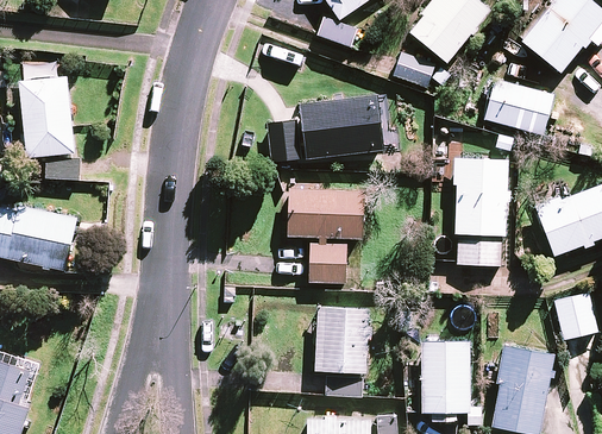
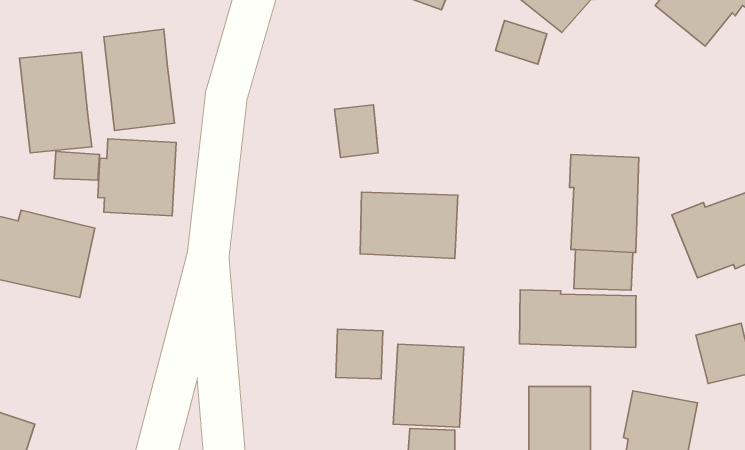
building: none -> [104,29,174,131]
building: [483,78,553,134] -> none
building: [299,95,383,158] -> none
building: none -> [98,139,176,216]
building: [309,243,346,282] -> [336,329,383,379]
building: none -> [519,290,636,348]

